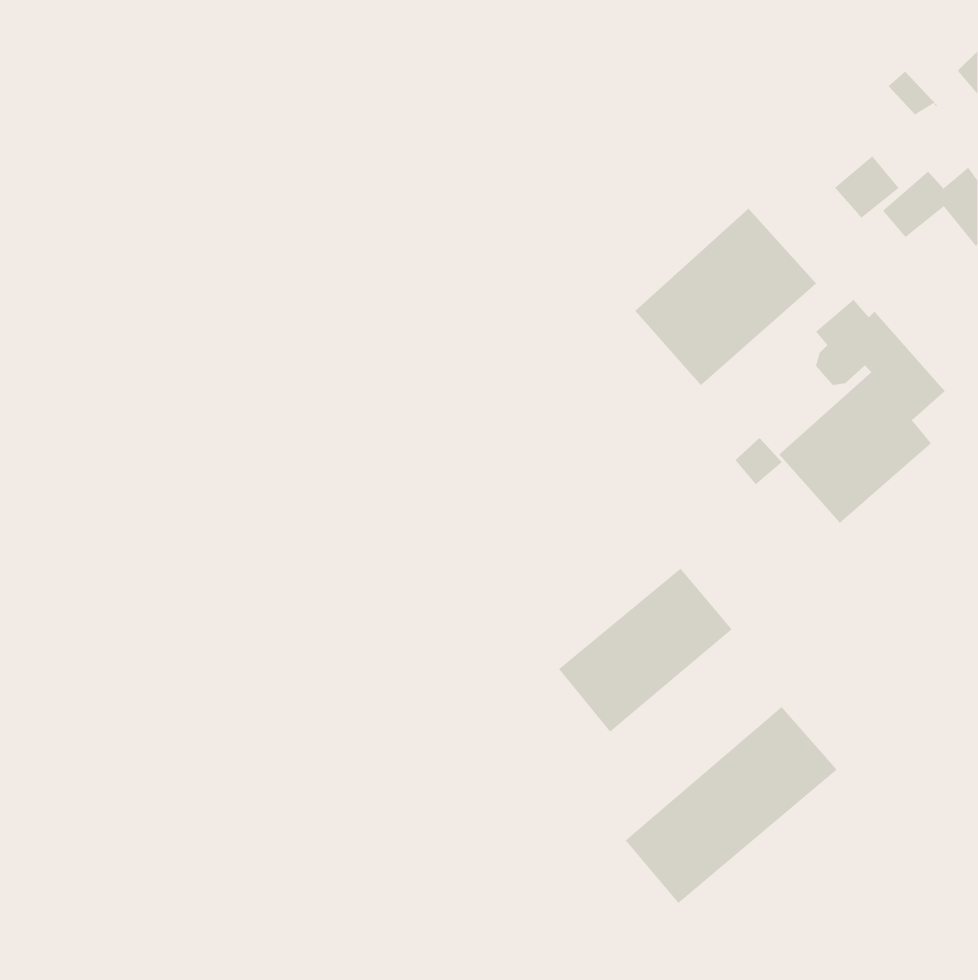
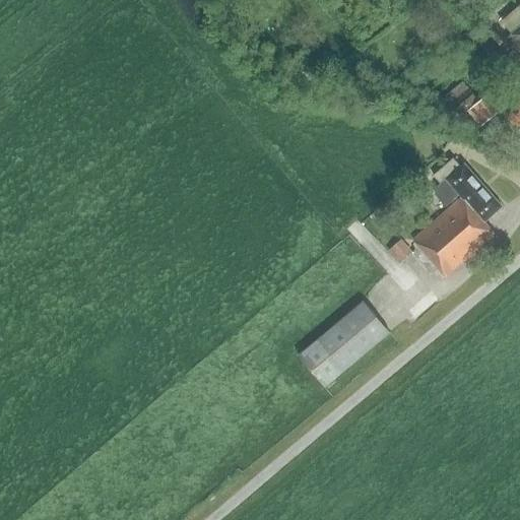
building: [634,208,817,386] -> none
building: [625,706,837,904] -> none

